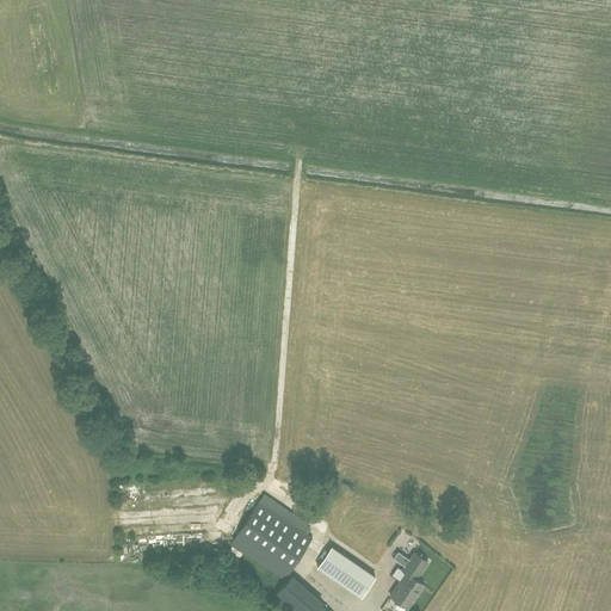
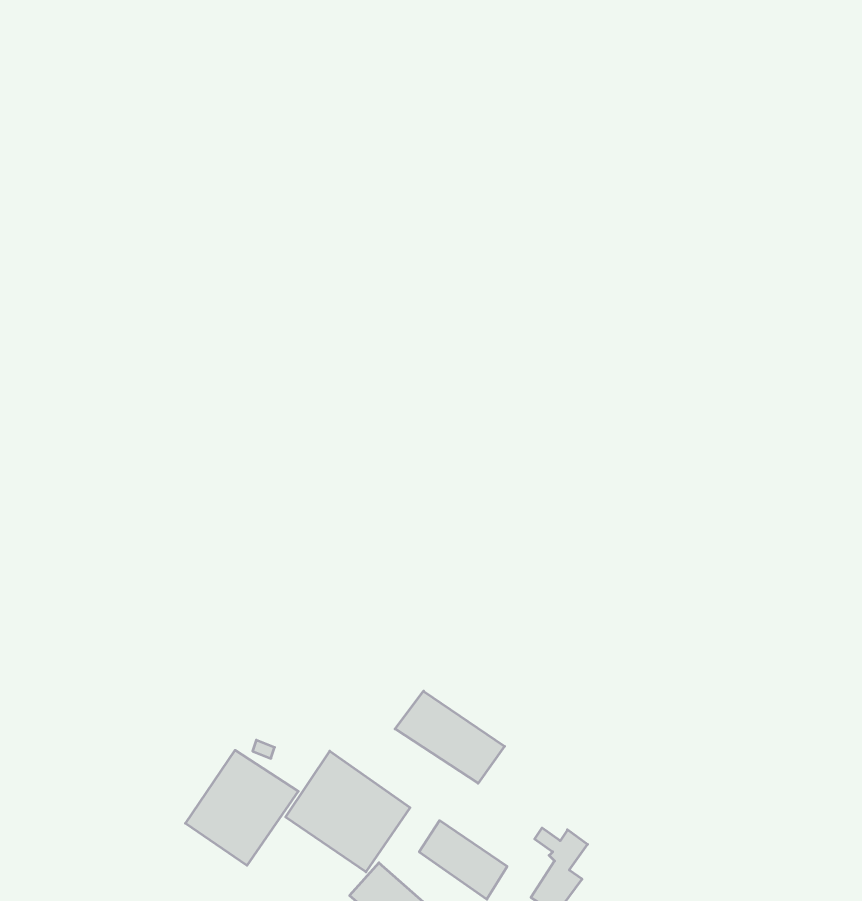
building: none -> [395,691,505,783]
building: none -> [185,750,298,865]

